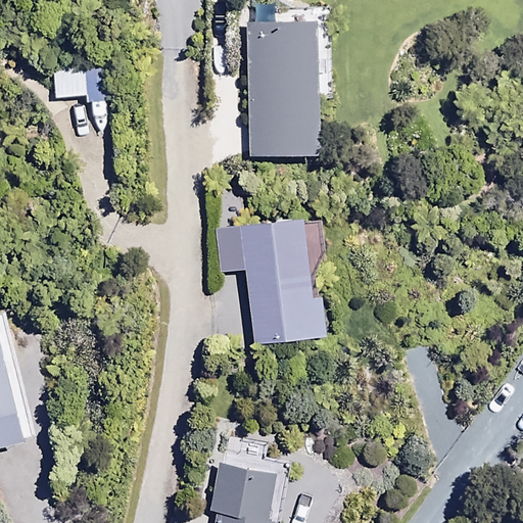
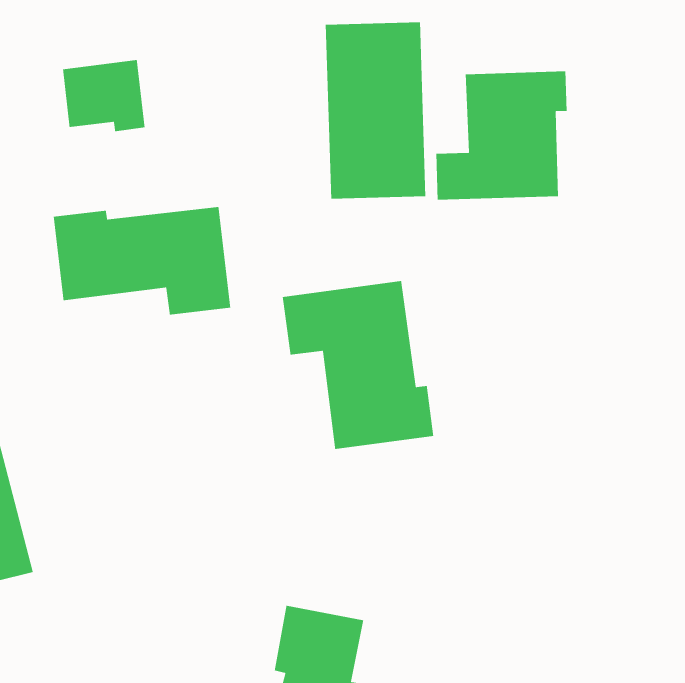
building: none -> [436,71,567,201]
building: none -> [53,206,231,315]

